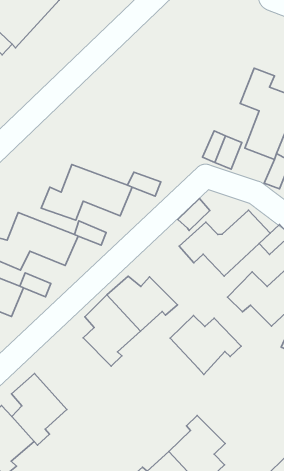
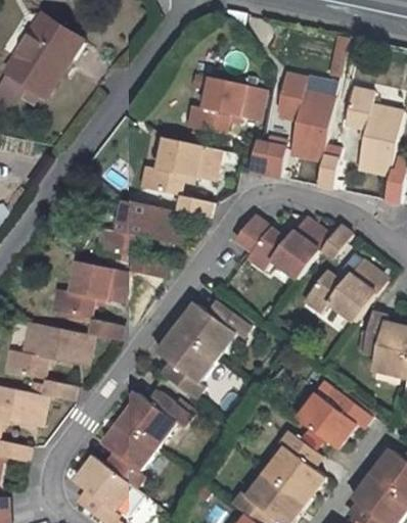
building: none -> [187,78,264,136]
building: none -> [142,139,229,197]
building: [170,316,241,374] -> [298,391,370,449]
building: none -> [118,377,175,447]

